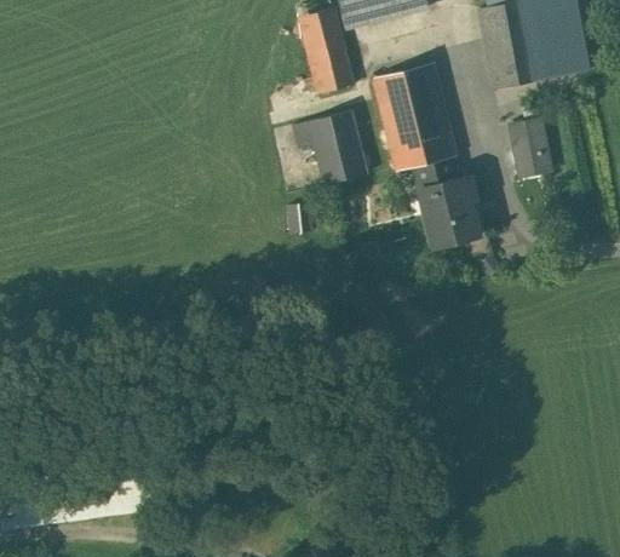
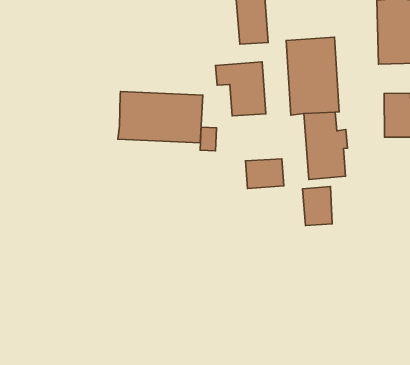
building: none -> [118,91,203,143]
building: none -> [245,159,284,189]
building: none -> [303,187,332,226]

